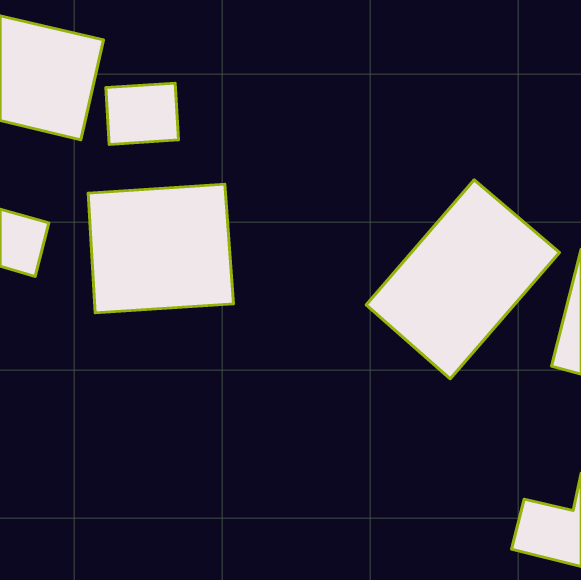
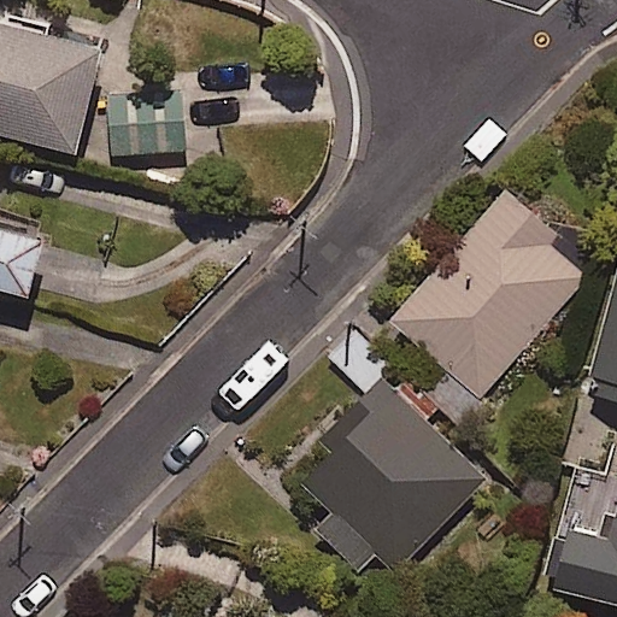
building: [88,184,233,313] -> none
building: none -> [289,380,486,588]

